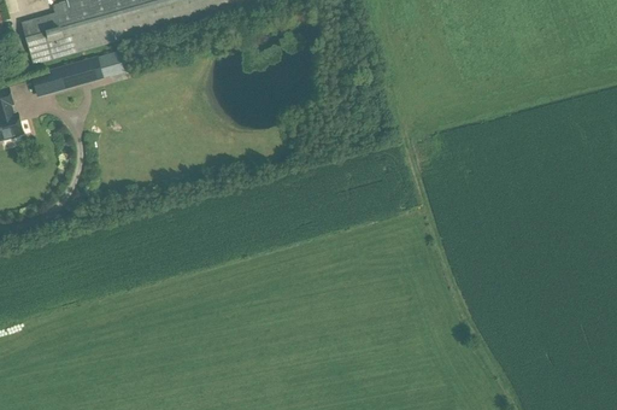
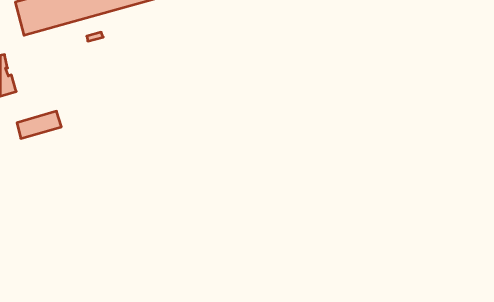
building: [45,55,100,89] -> [17,111,61,138]

